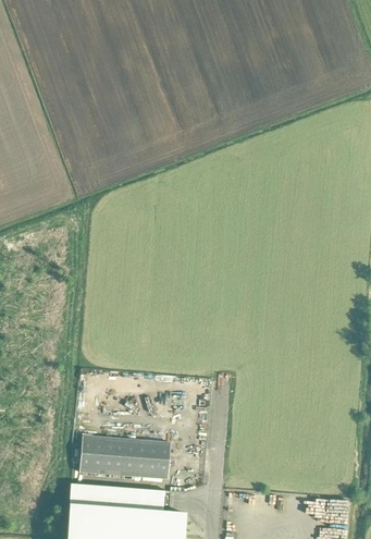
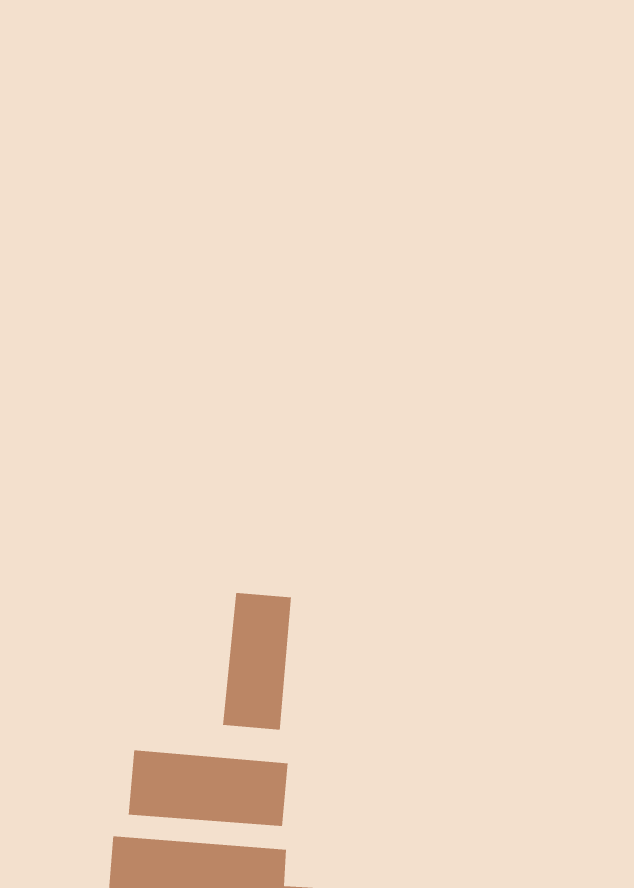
building: none -> [223,592,292,730]

